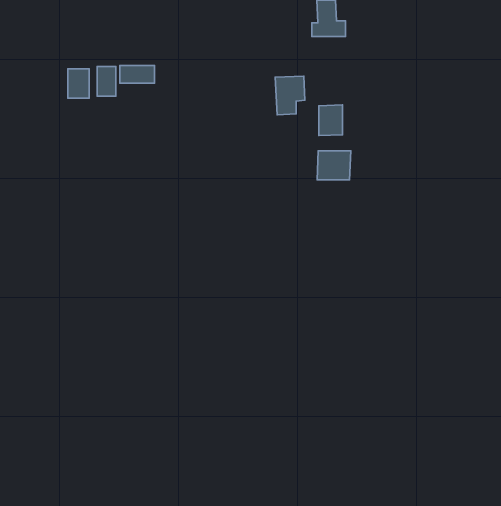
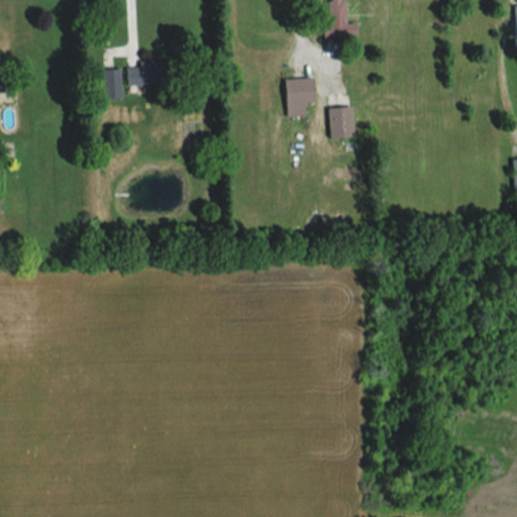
building: [68,69,89,98] -> none
building: [317,151,351,180] -> none

